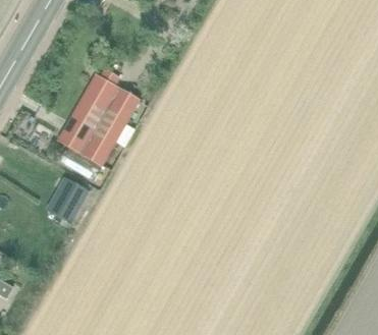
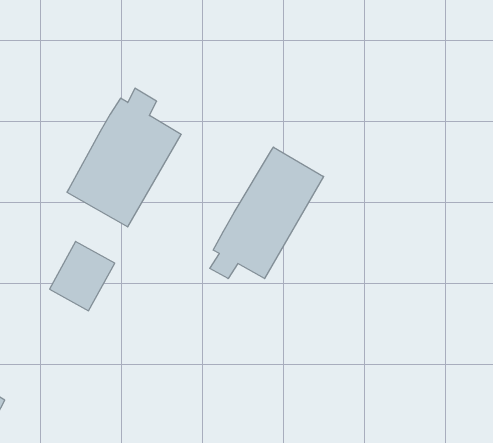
building: none -> [210,147,324,279]

